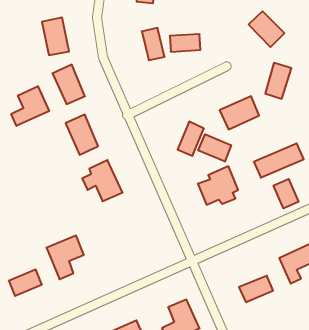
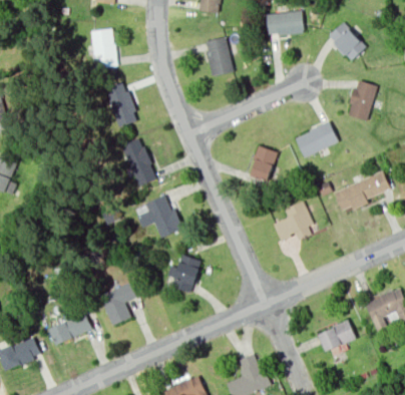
building: [170,34,200,52] -> [266,15,301,35]
building: [11,86,49,126] -> none
building: [198,134,231,162] -> none
building: [274,179,298,208] -> none
building: none -> [169,255,199,294]

